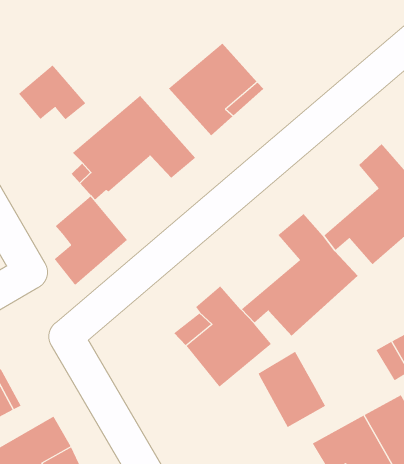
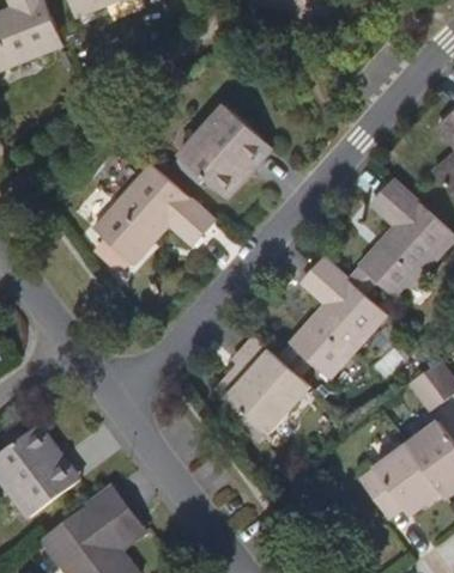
building: [18,65,86,120] -> none
building: [54,196,128,286] -> none
building: [258,351,326,428] -> none

